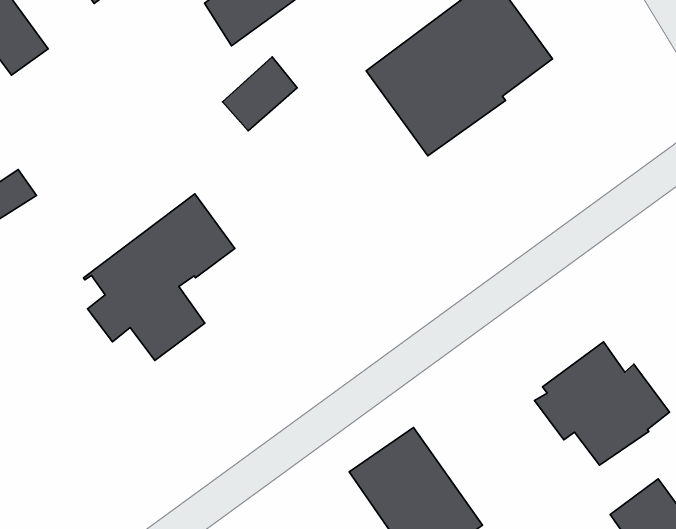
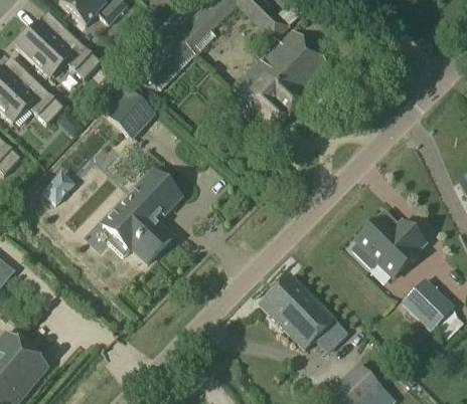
building: [223,57,297,131] -> [114,98,152,140]

